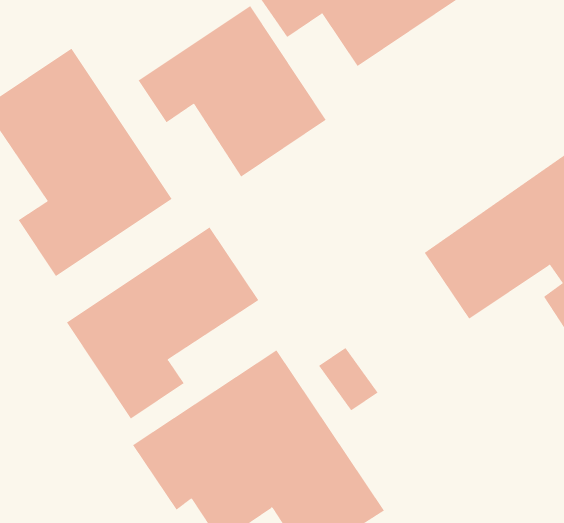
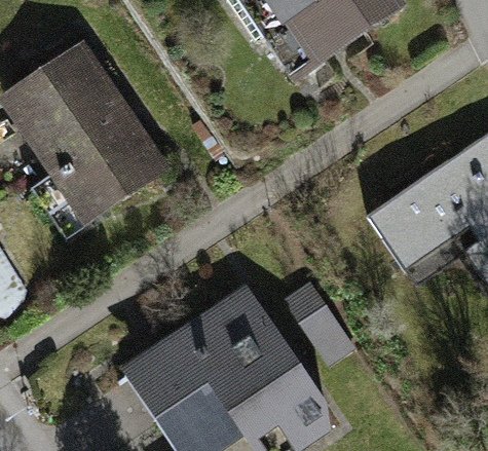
building: [138,5,327,177] -> none
building: [66,227,259,419] -> none

